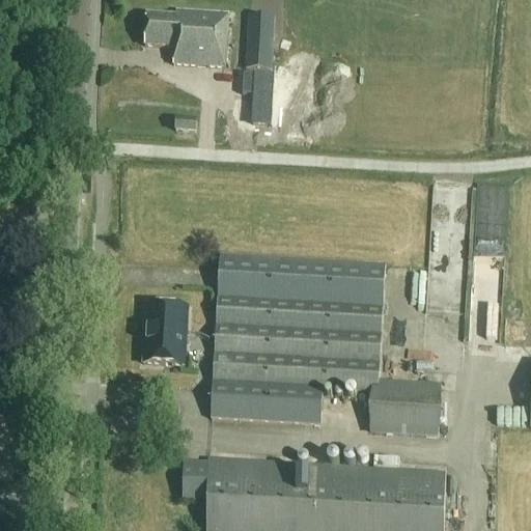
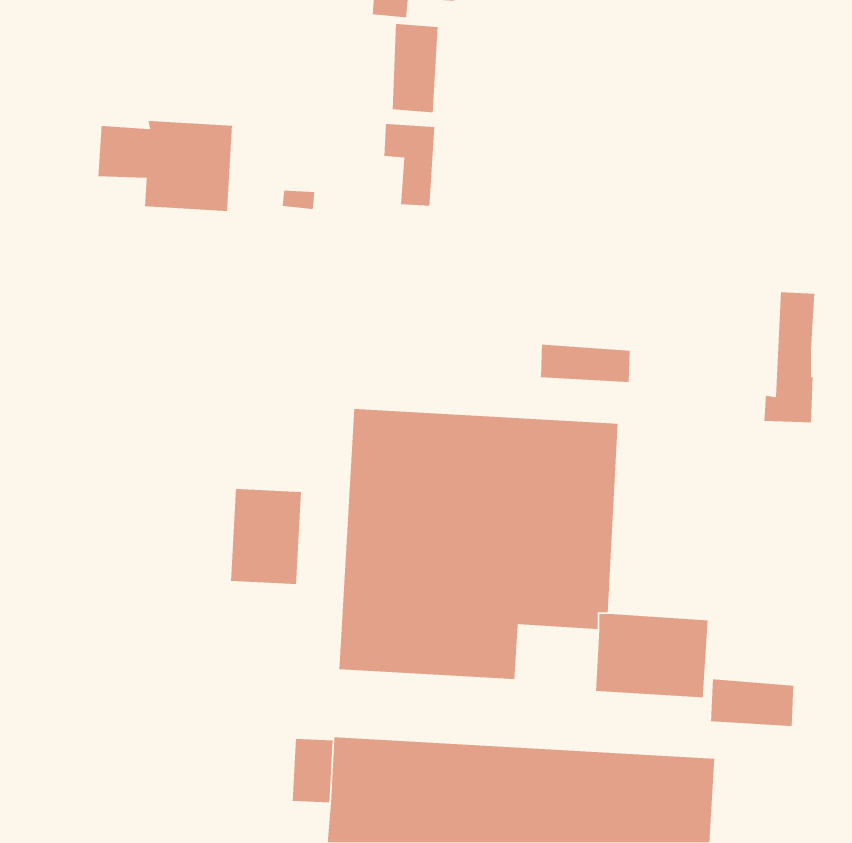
building: [144,9,228,66] -> [98,120,233,212]
building: none -> [540,344,630,383]
building: none -> [710,678,794,727]

